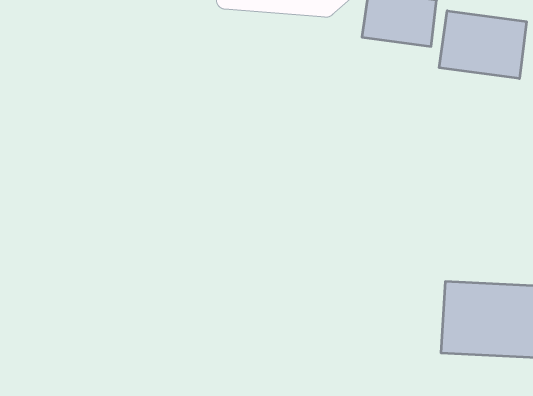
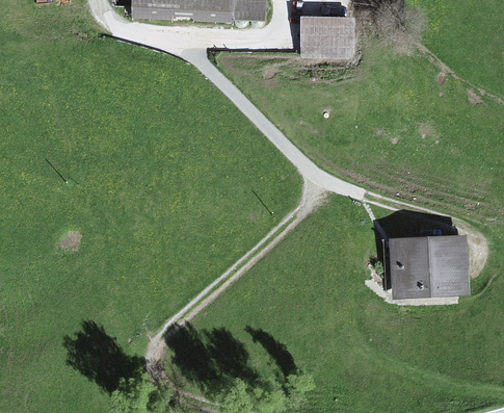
building: [439,11,526,79] -> none

